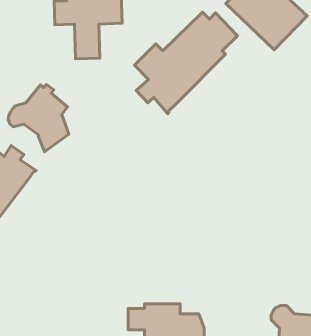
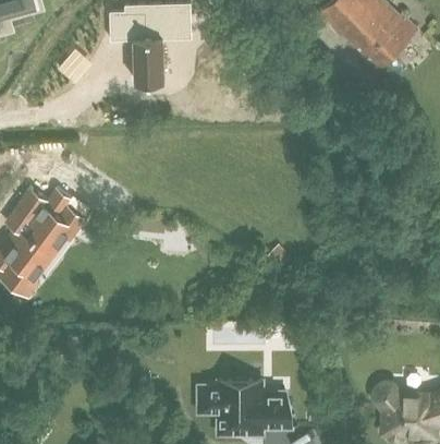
building: [135,12,237,114] -> none
building: [8,84,69,152] -> none

